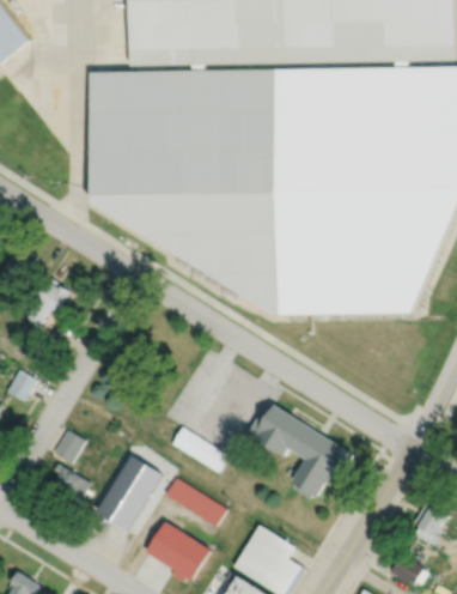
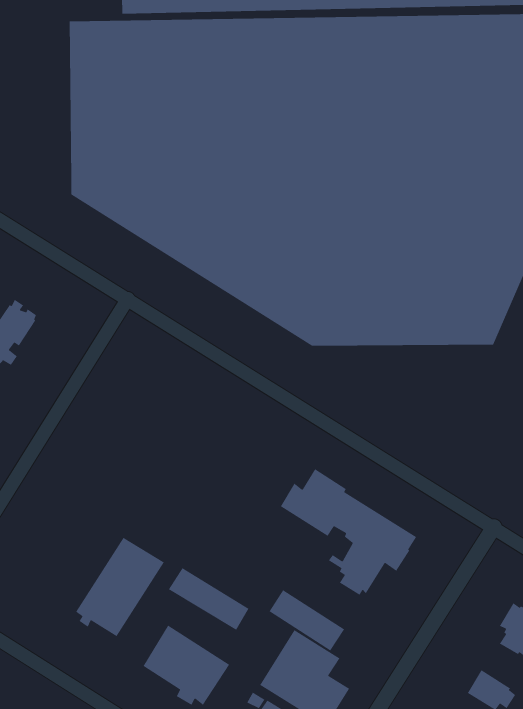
building: [172,426,230,473] -> [268,589,345,652]
building: [54,430,86,463] -> none
building: [51,463,91,502] -> none

